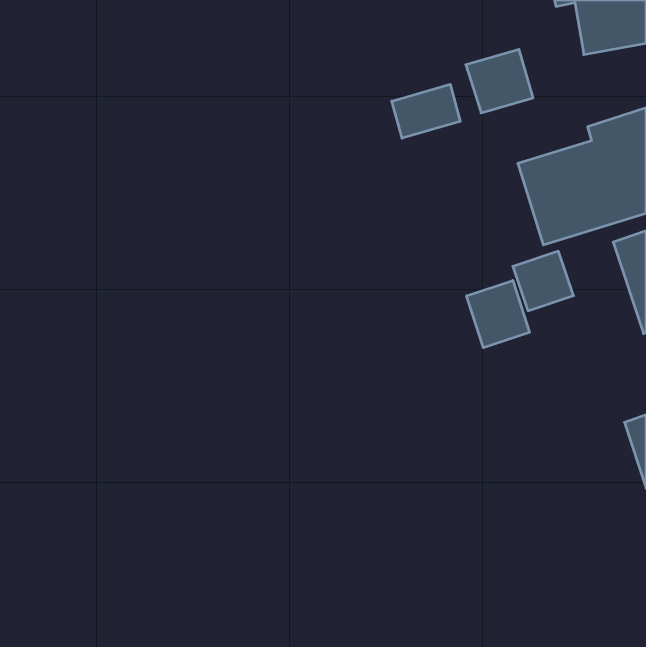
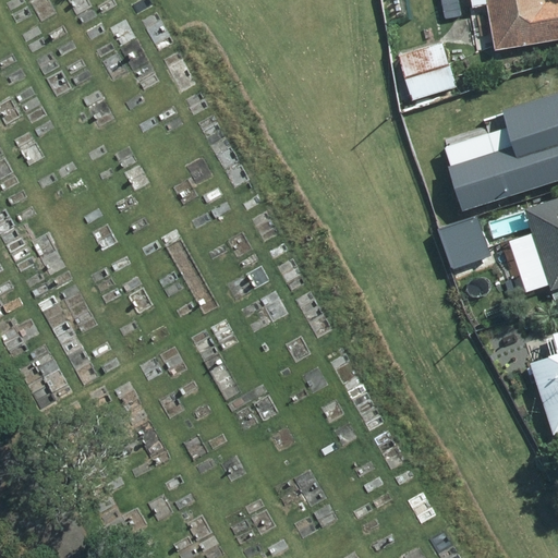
building: [392,84,460,138] -> none
building: [467,280,530,348] -> none

